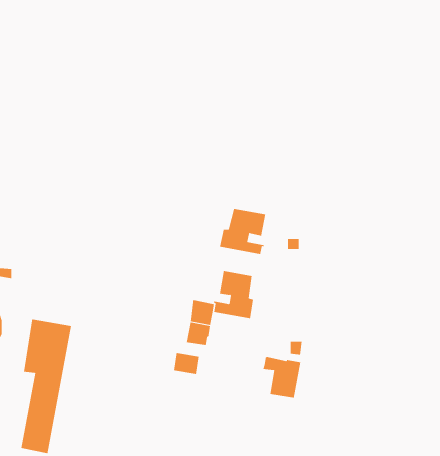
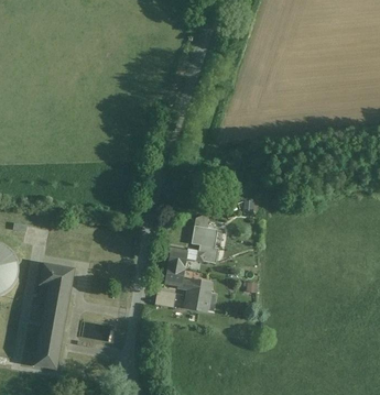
building: [219,208,266,255] -> none
building: [262,357,301,398] -> [178,277,209,310]

